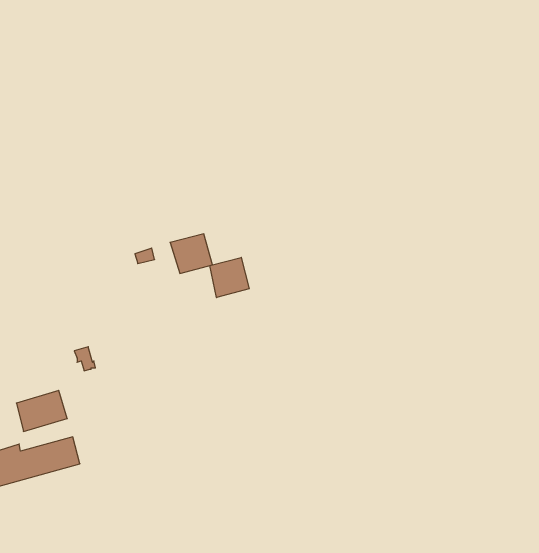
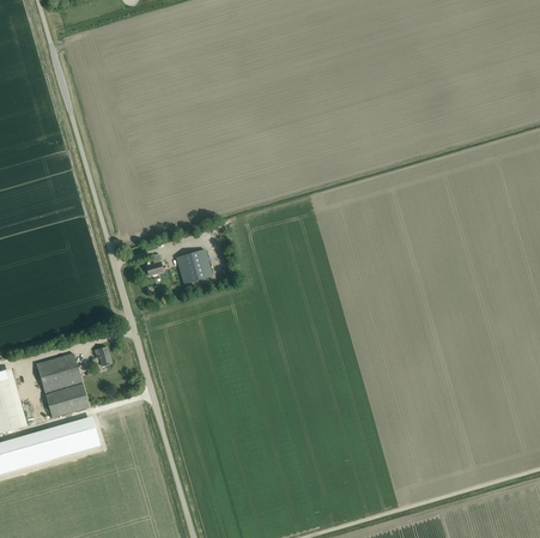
building: [210,257,249,298] -> none
building: none -> [37,352,81,393]

